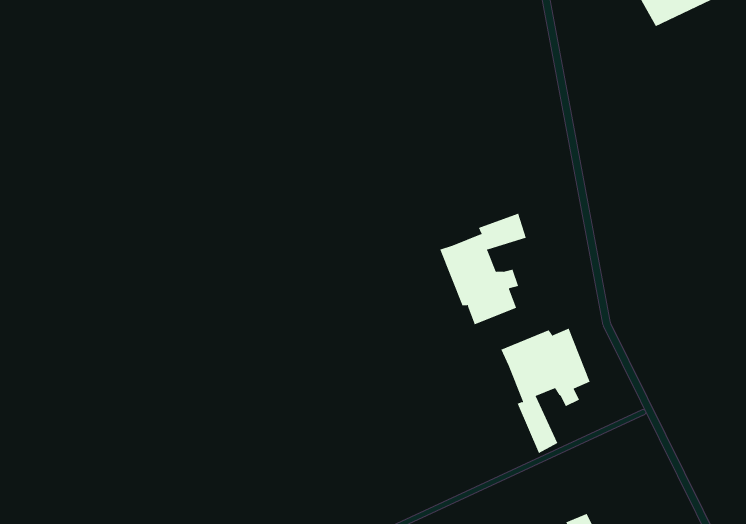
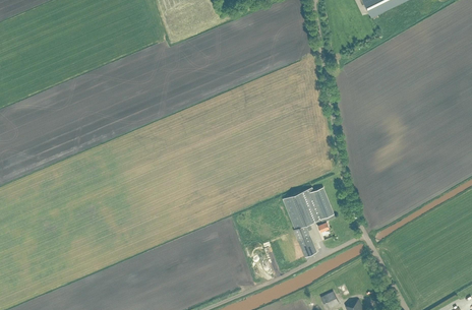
building: [439,213,526,325] -> none

